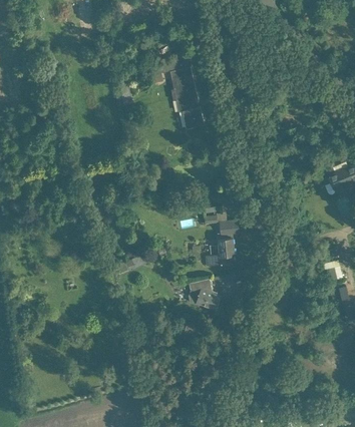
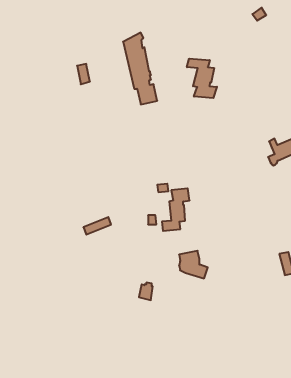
building: none -> [187,59,217,98]
building: [190,279,221,309] -> [179,251,208,278]

